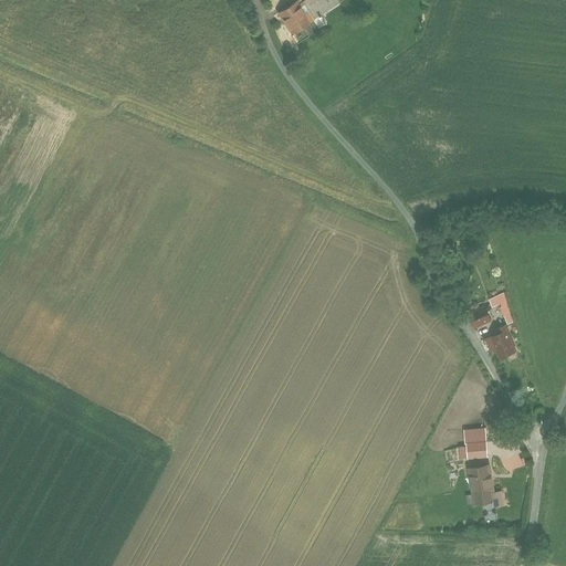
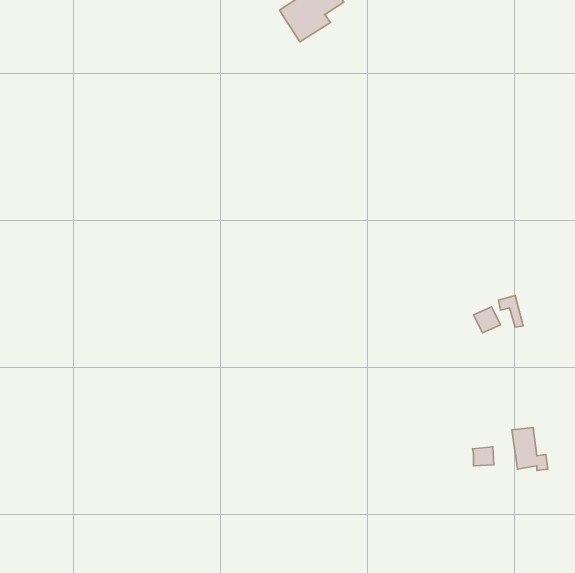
building: [483,322,515,357] -> none
building: [467,461,502,503] -> [512,428,548,470]

